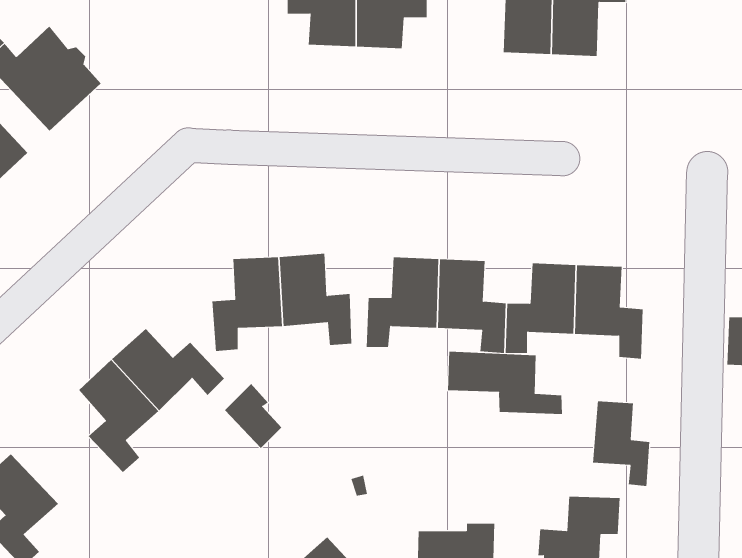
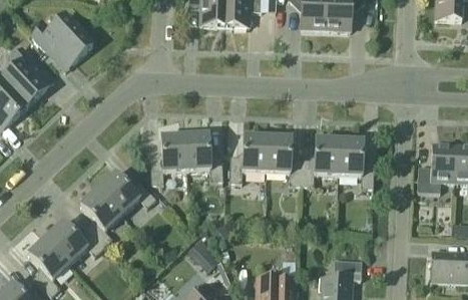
building: [447,351,562,415] -> none
building: [224,383,282,449] -> [187,239,217,273]
building: [592,401,650,487] -> none
building: none -> [45,222,103,265]

